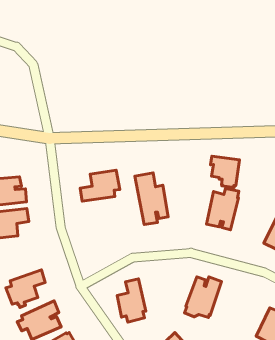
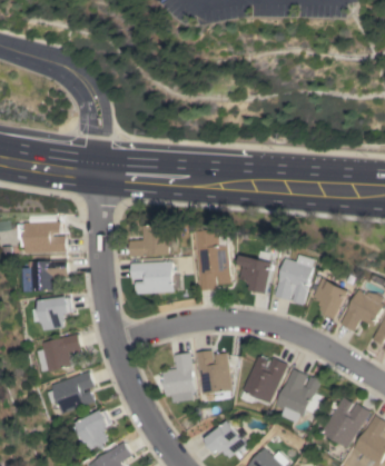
building: [211,156,239,188] -> [239,255,274,294]
building: none -> [130,260,175,293]
building: none -> [314,277,351,319]
building: none -> [36,296,70,329]
building: none -> [196,349,231,400]
building: none -> [277,368,322,422]

